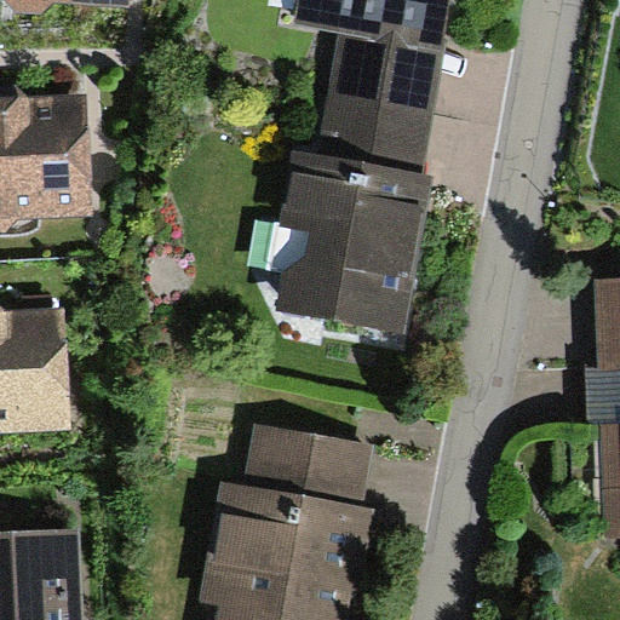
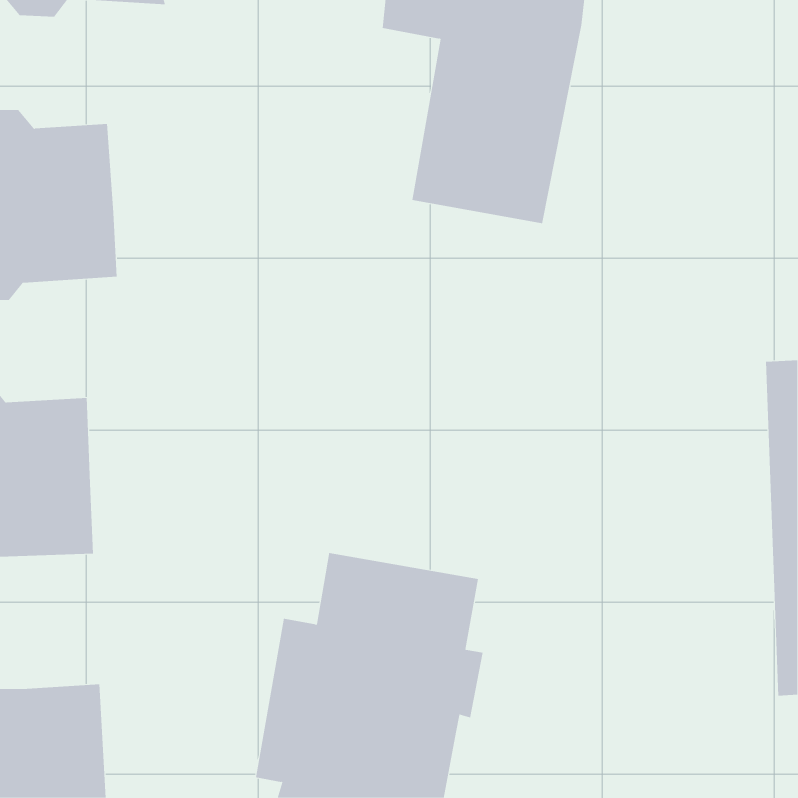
building: [272,150,435,334] -> none

